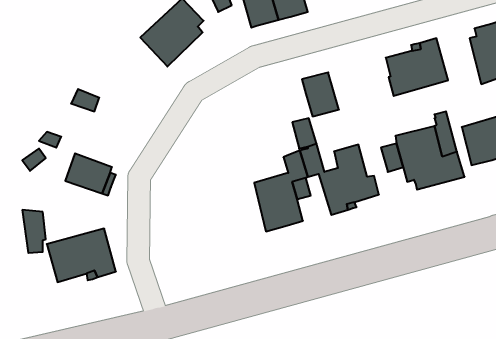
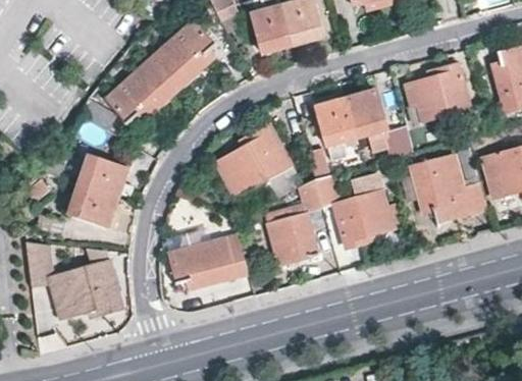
building: none -> [104,61,175,126]
building: none -> [344,89,410,156]
building: none -> [215,122,301,198]
building: none -> [79,153,127,197]
building: none -> [170,233,249,288]

